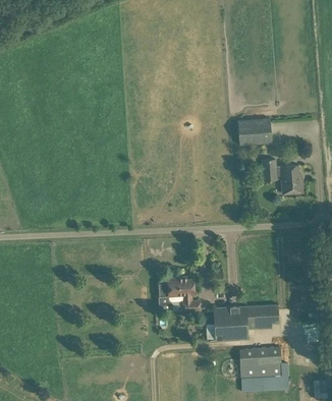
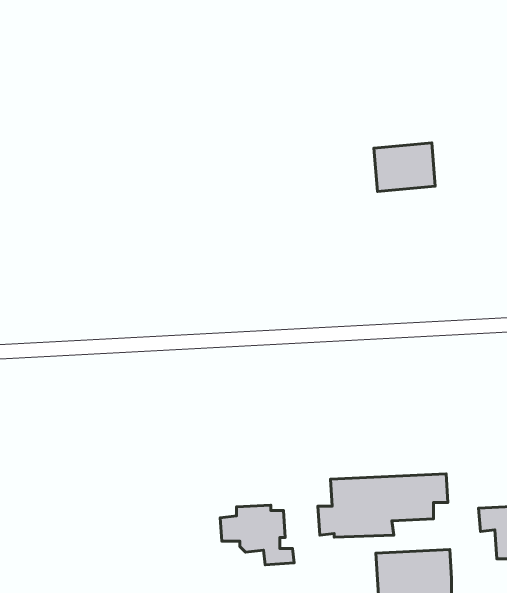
building: [264,159,303,194] -> none
building: [159,276,201,309] -> [220,505,294,565]

